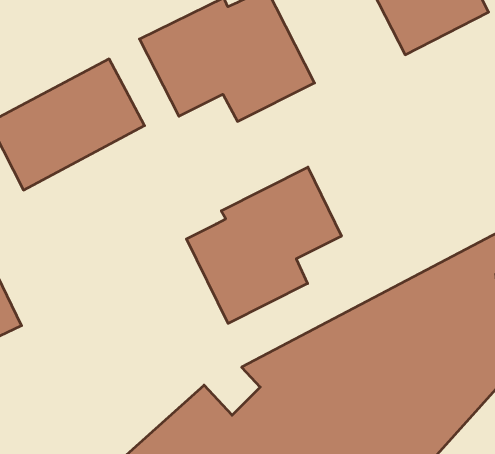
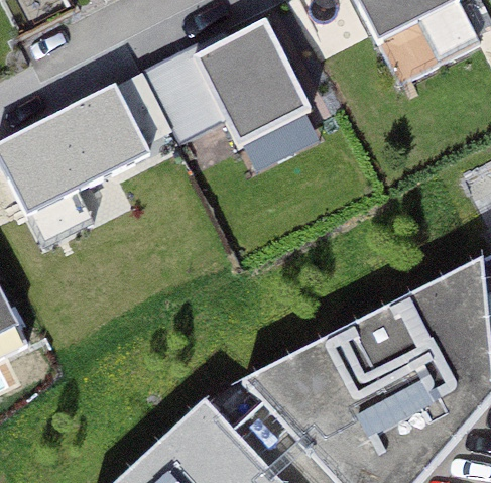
building: [186,167,341,323] -> none

